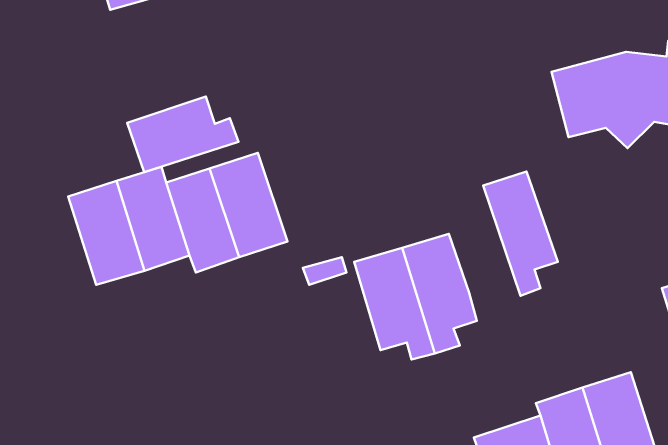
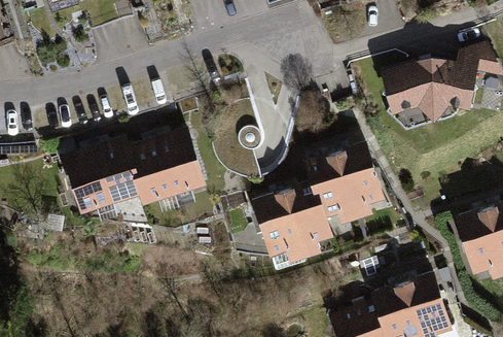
building: [127,97,238,172] -> none
building: none -> [306,146,361,226]

